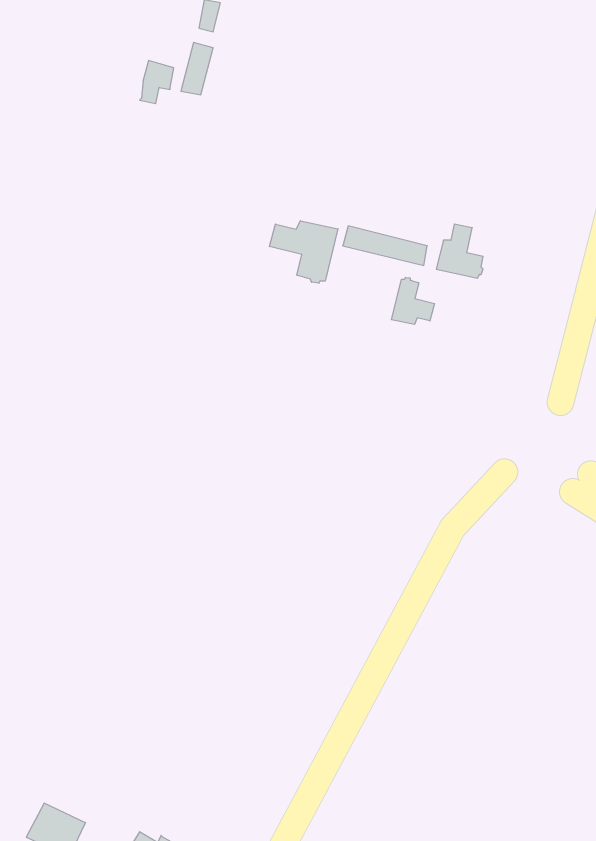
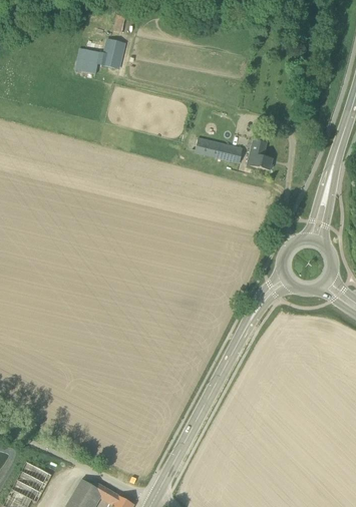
building: [270,221,338,283] -> none
building: [392,277,434,324] -> none

